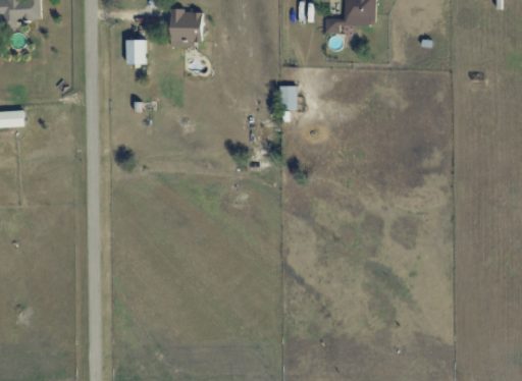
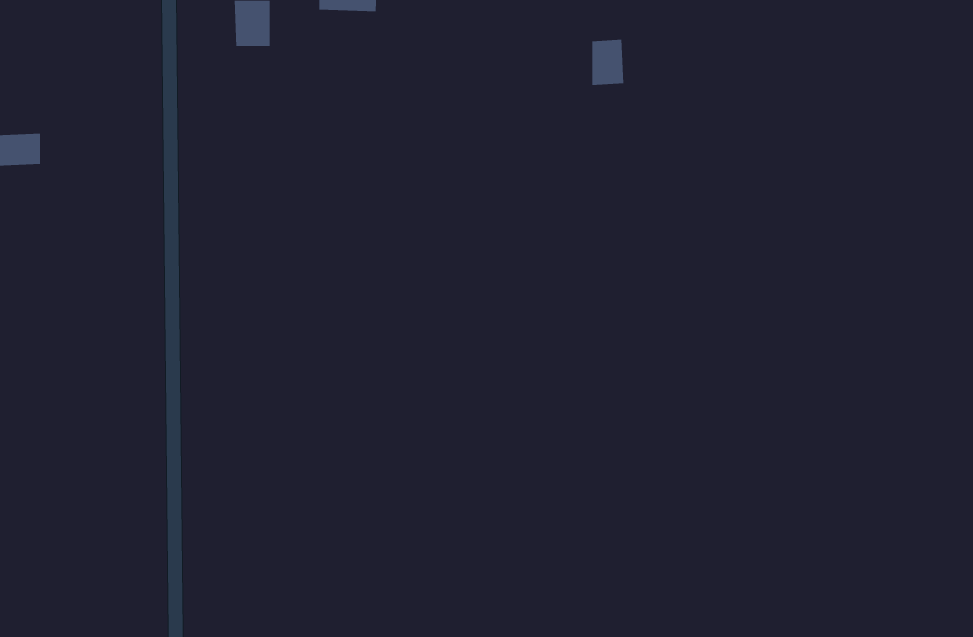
building: [279,86,297,110] -> [591,39,624,85]

